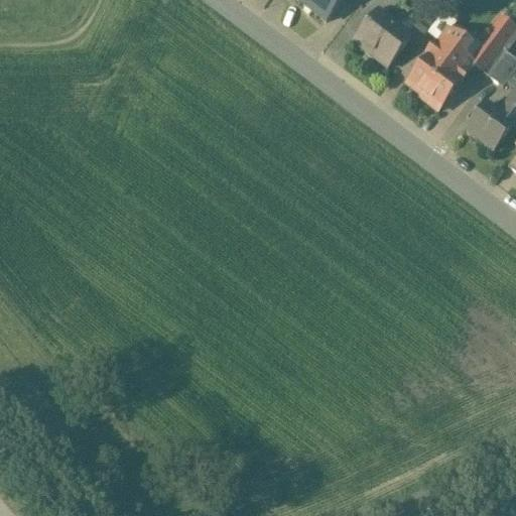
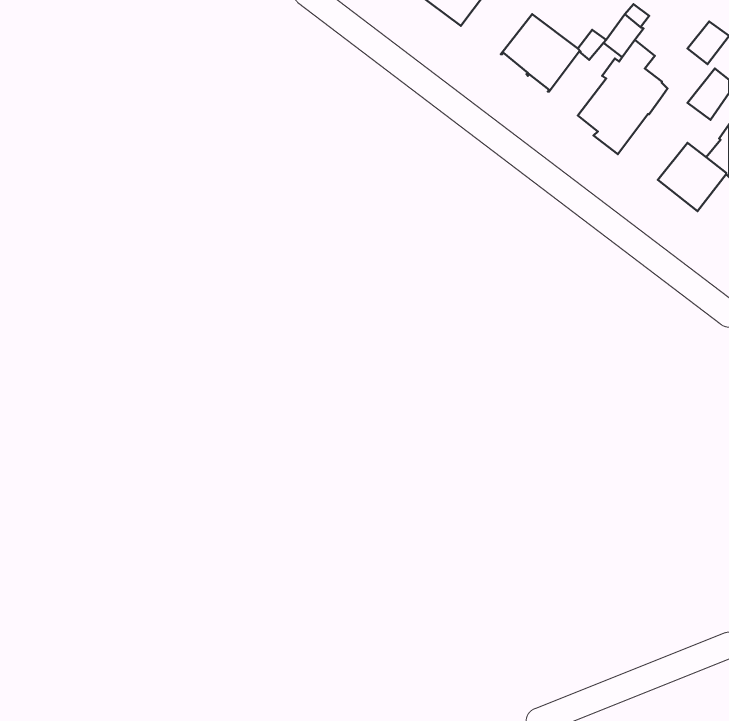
building: [468,34,505,73] -> none

